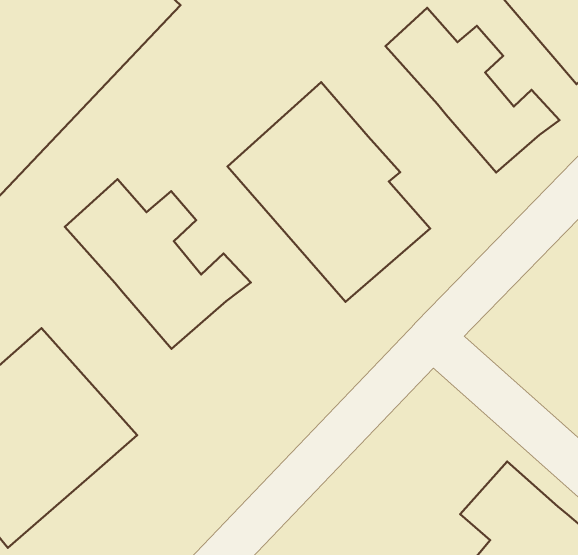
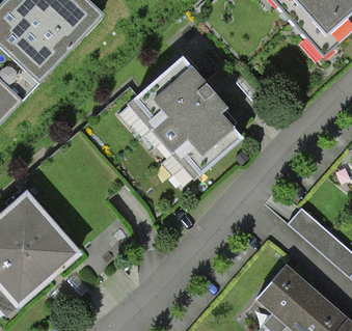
building: [386,8,559,173] -> none
building: [65,179,251,349] -> none

